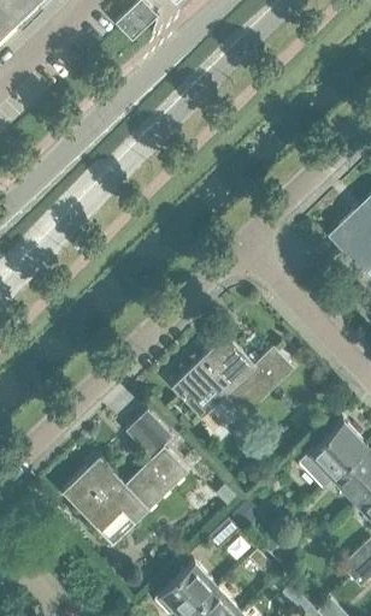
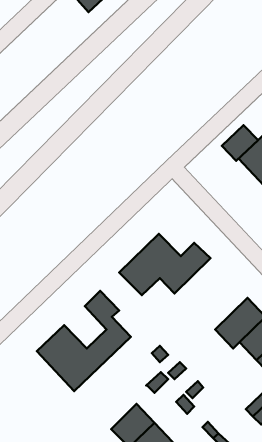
building: none -> [222,125,258,161]

